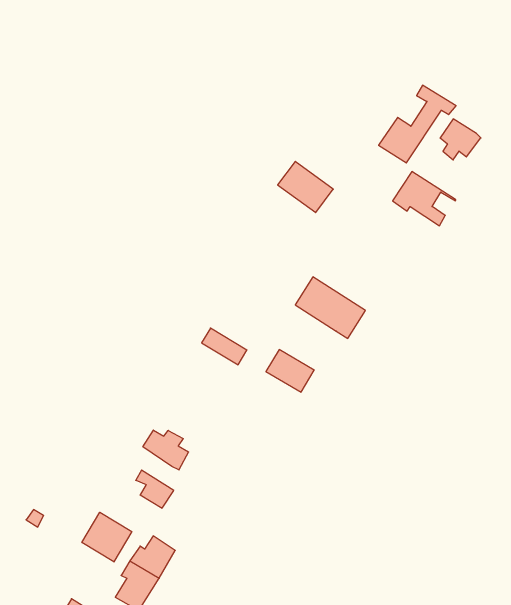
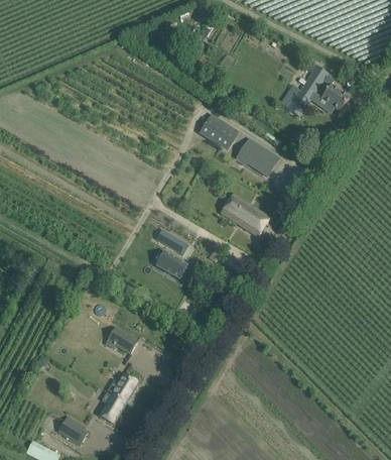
building: [393,172,456,226] -> [235,138,278,176]
building: [266,350,314,392] -> [154,250,187,279]
building: [143,430,189,470] -> none
building: [82,512,132,562] -> none

